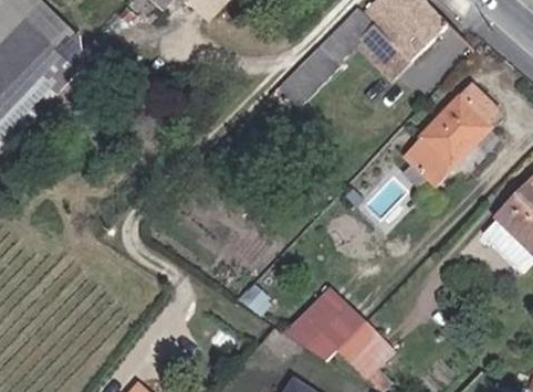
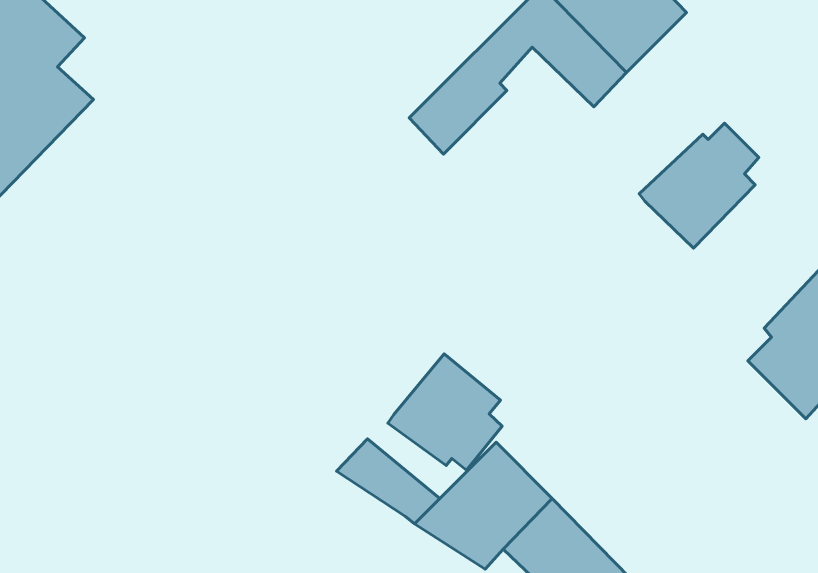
building: [405,138,451,184] -> none
building: none -> [388,354,502,470]

